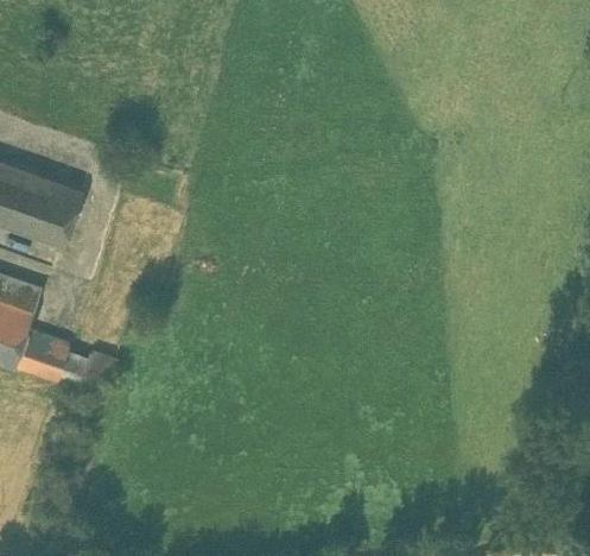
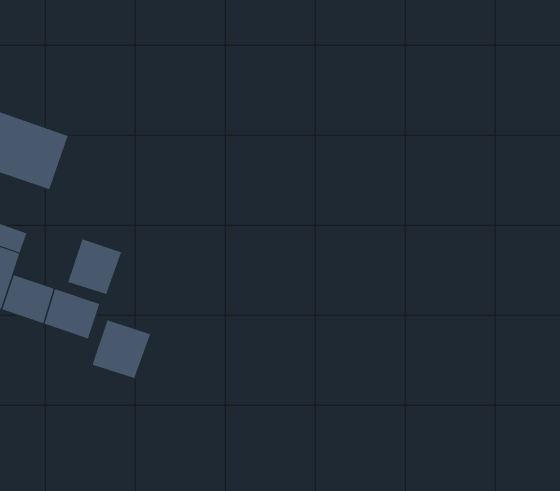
building: none -> [67,239,122,295]
building: none -> [92,319,151,379]

